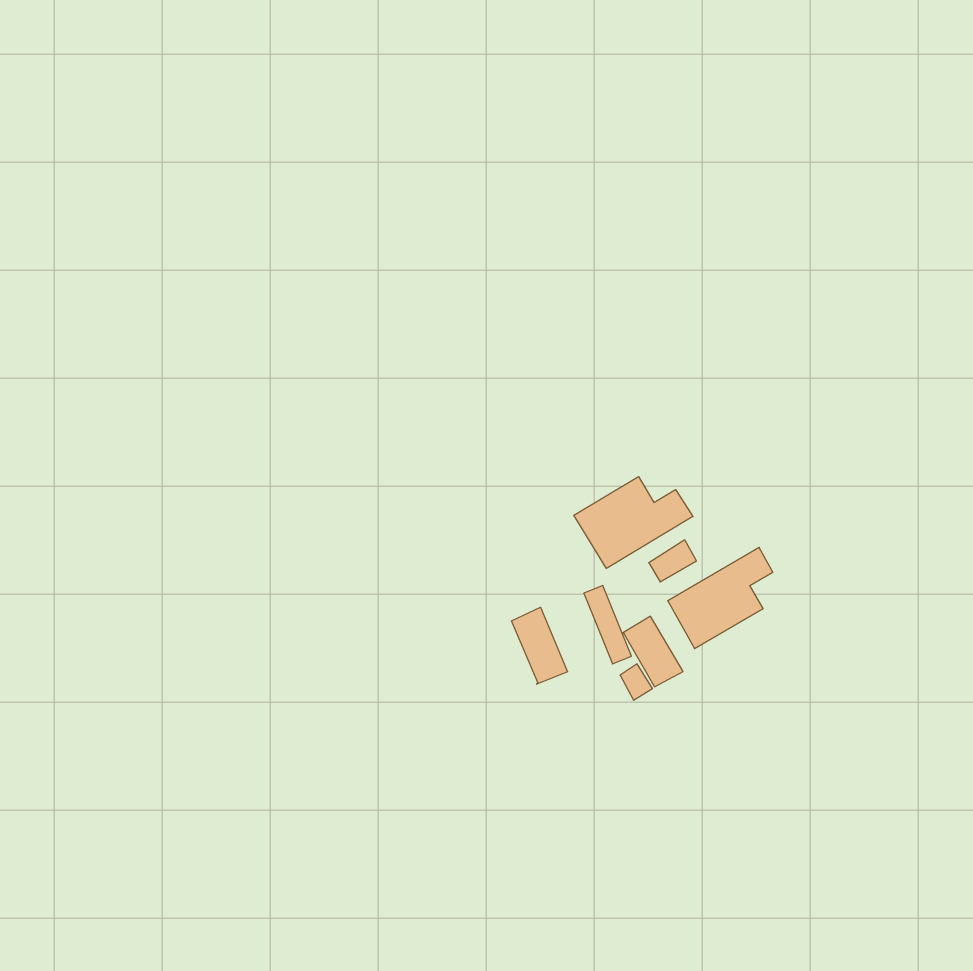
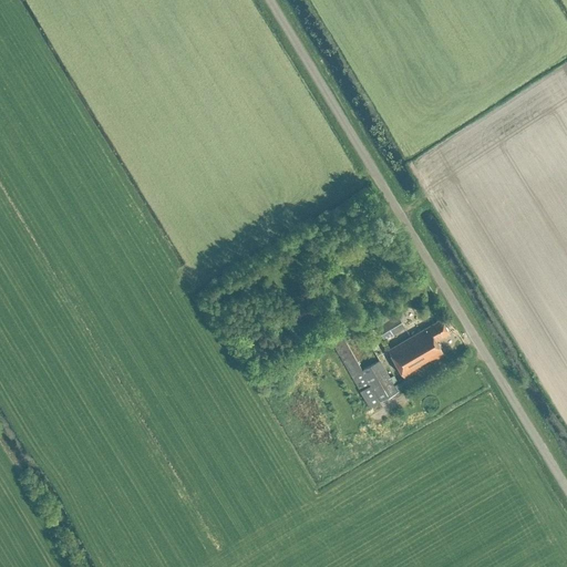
building: [574,477,693,568] -> none
building: [511,607,567,684] -> none

